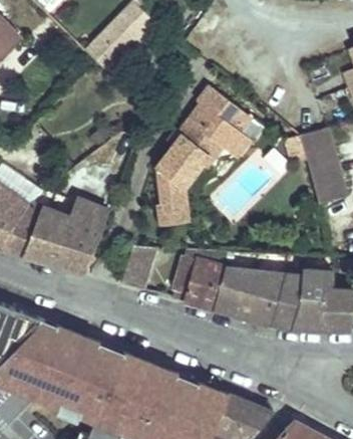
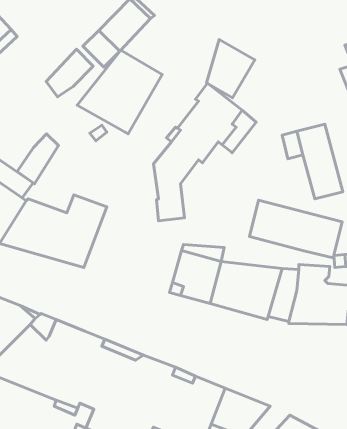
building: none -> [207,39,255,98]
building: none -> [46,49,93,97]
building: none -> [77,50,162,134]
building: none -> [17,134,59,184]
building: none -> [250,200,342,258]
building: [121,246,155,289] -> none

